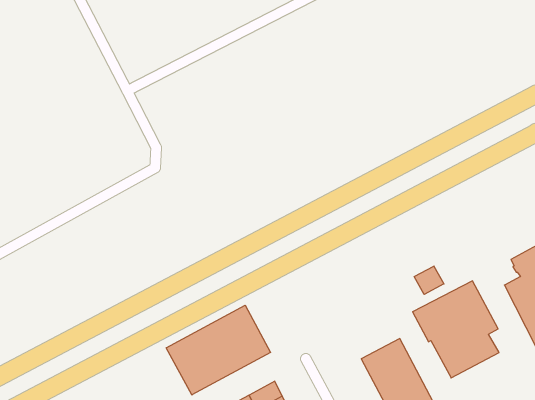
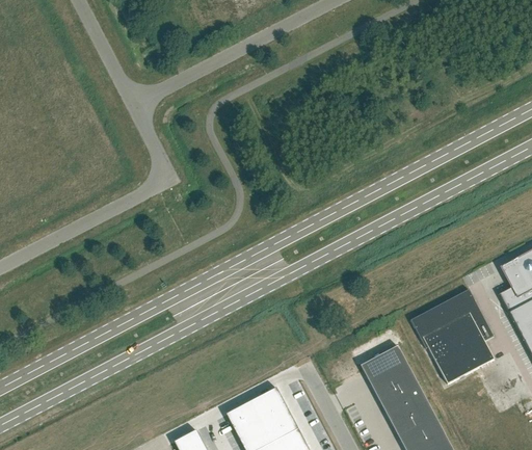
building: [414,266,444,294] -> none
building: [166,305,271,395] -> none

